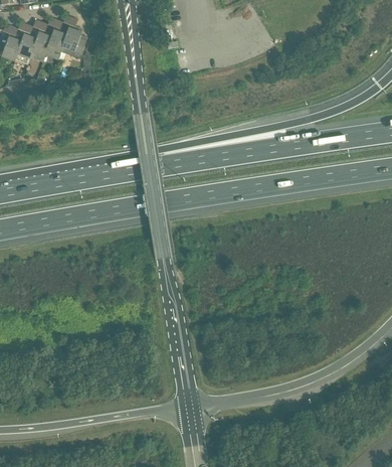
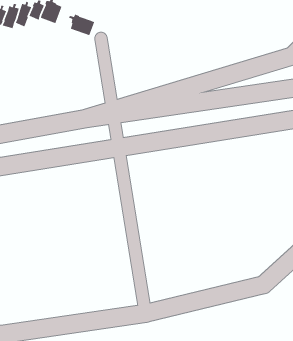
building: none -> [68,14,95,36]

